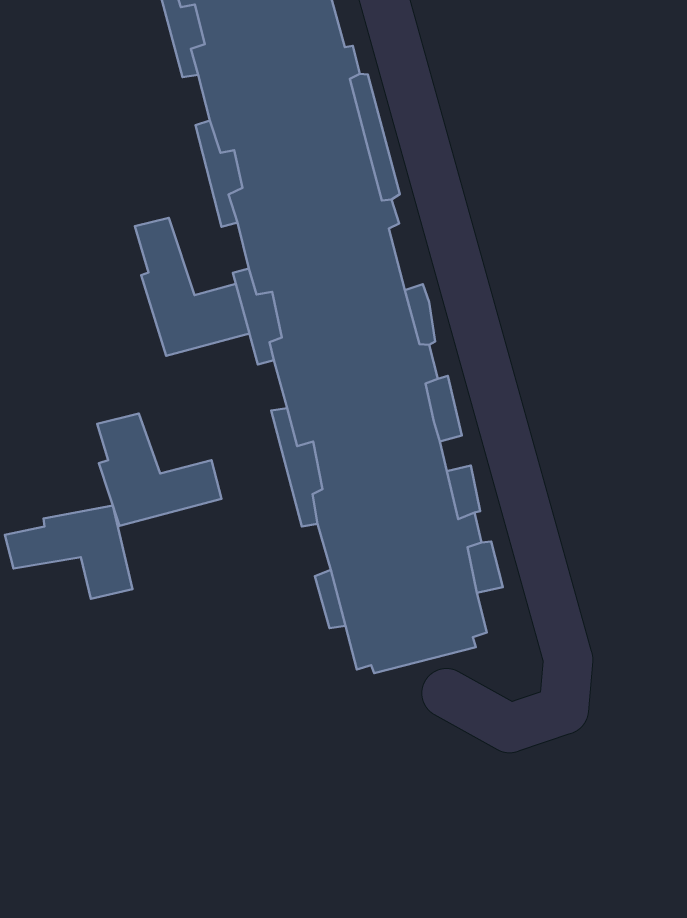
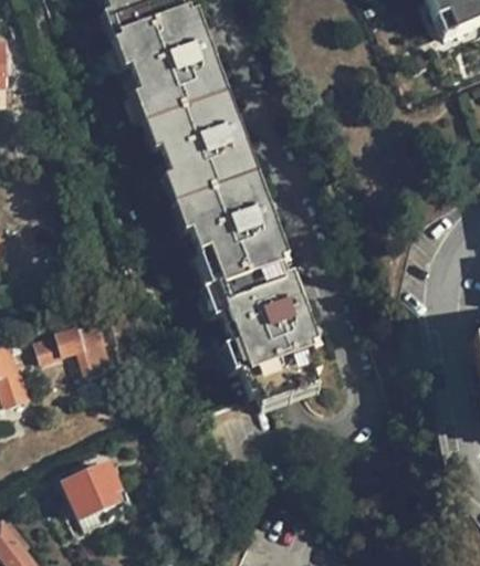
building: [135,218,249,356] -> none
building: [97,413,222,526] -> none
building: none -> [70,455,127,510]

